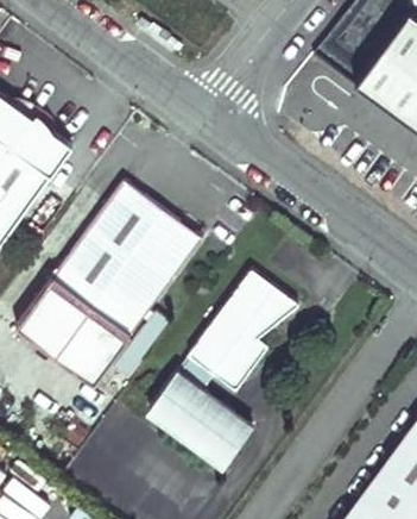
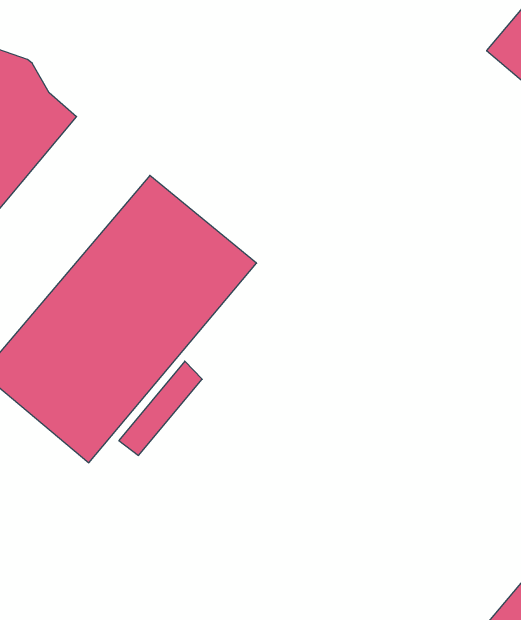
building: [149,267,299,464] -> none

